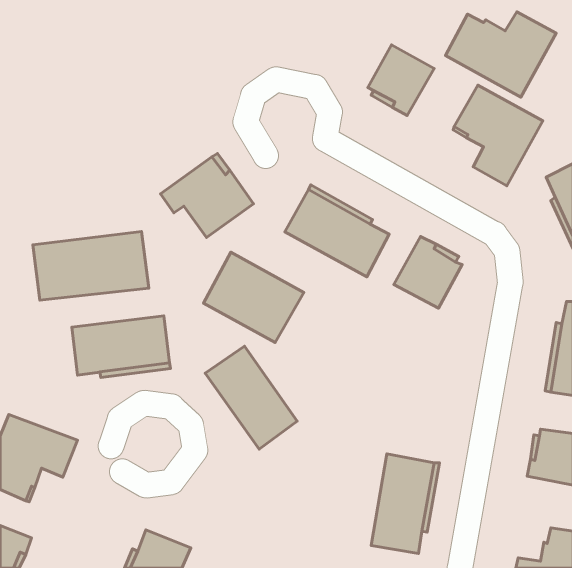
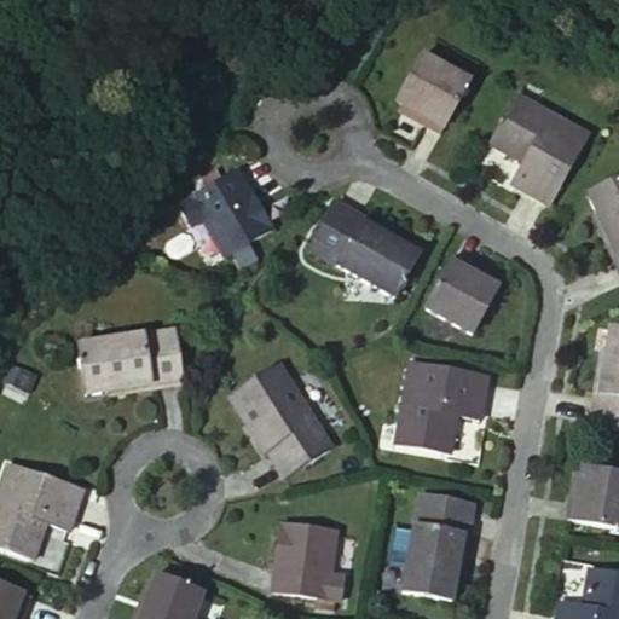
building: [445,12,556,97] -> none
building: [33,231,149,300] -> none
building: [203,252,304,342] -> none
building: none -> [395,360,487,449]
building: none -> [283,530,357,604]

